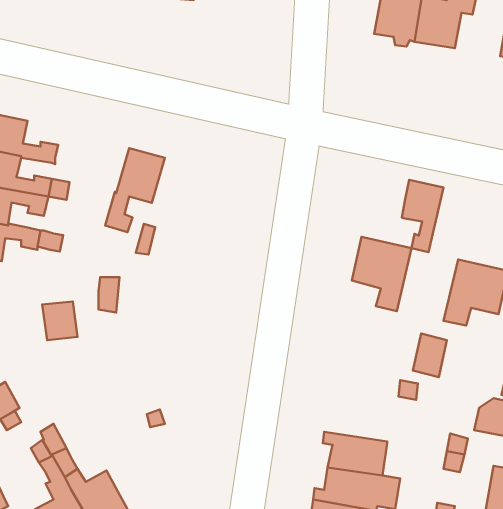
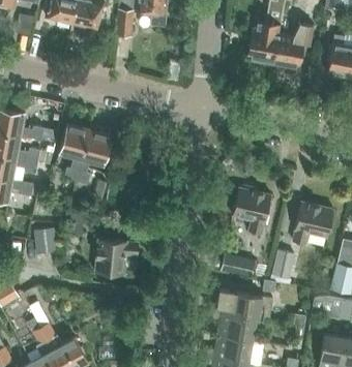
building: none -> [59,124,90,180]
building: [402,180,444,252] -> none
building: none -> [95,240,139,274]
building: none -> [221,254,256,277]
building: none -> [215,289,273,323]

